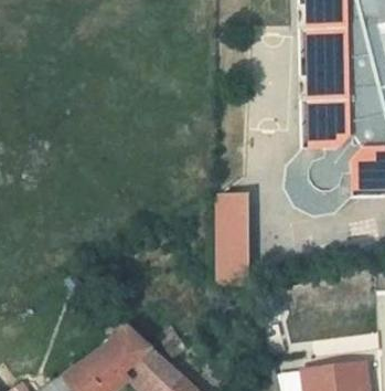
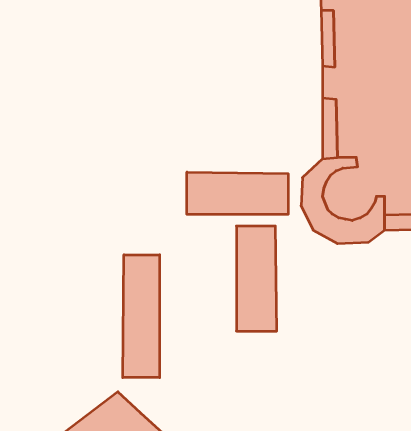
building: none -> [187,172,288,214]
building: none -> [123,255,160,378]

